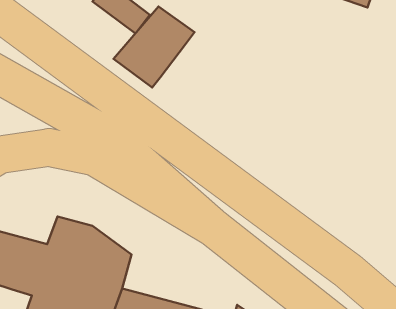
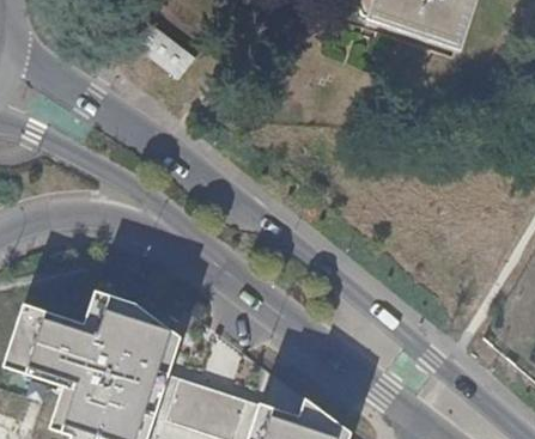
building: [114,6,195,87] -> none

